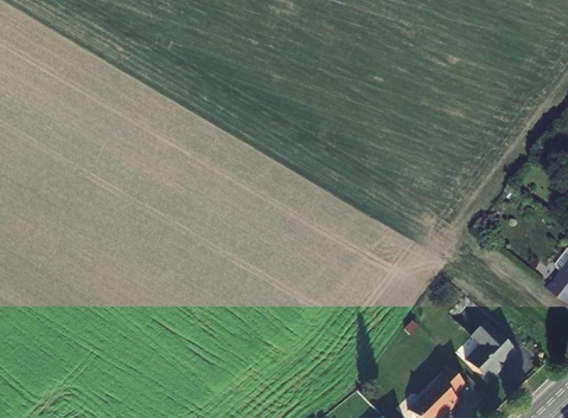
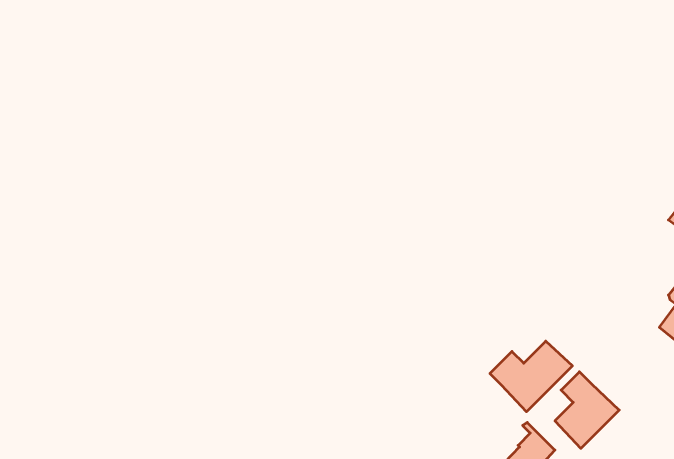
building: none -> [490,341,572,412]

